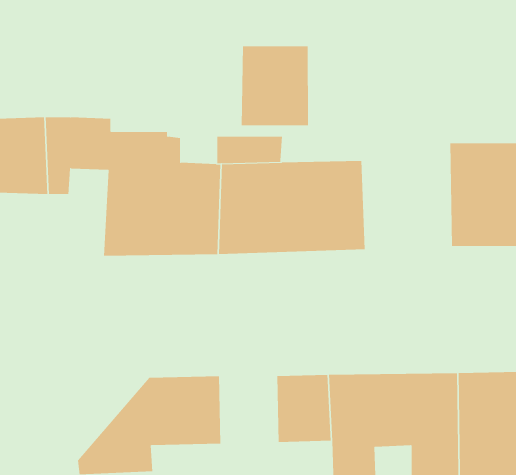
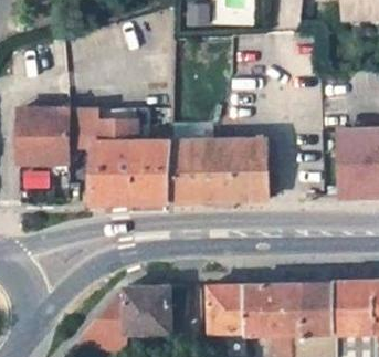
building: [241,45,309,126] -> none

